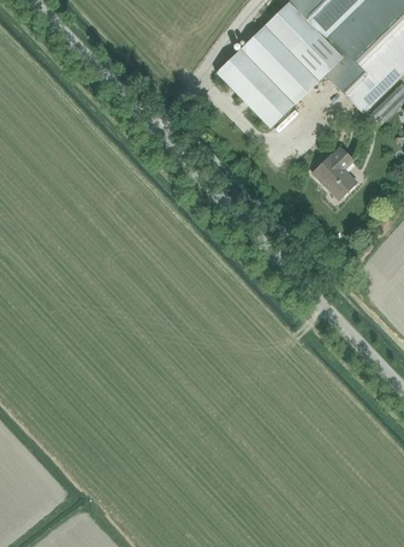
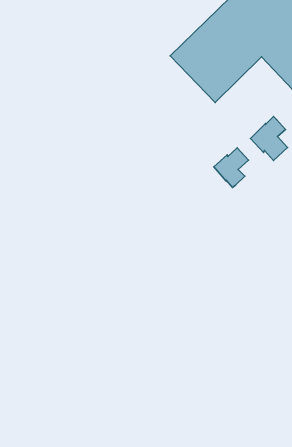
building: none -> [214,148,248,188]

